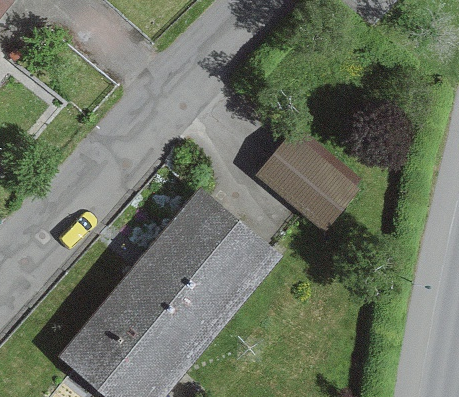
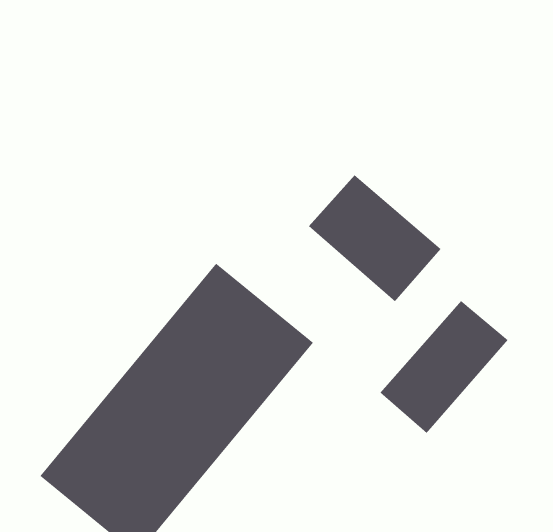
building: none -> [379,300,508,434]

